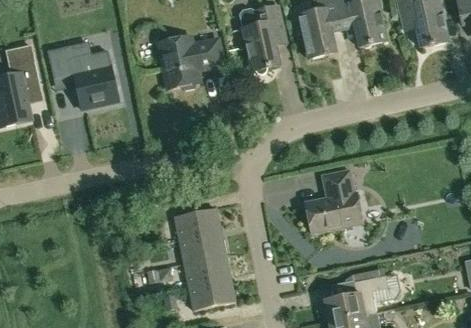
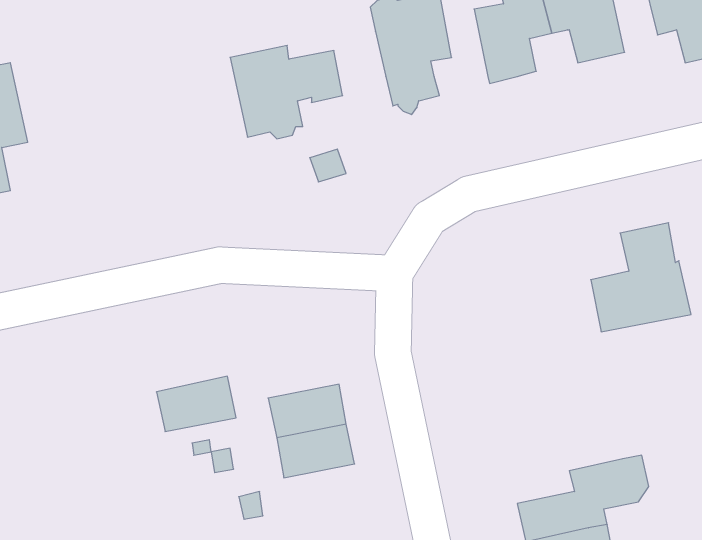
building: [47,45,118,107] -> none
building: [305,169,363,232] -> [591,223,691,332]
building: [175,207,221,239] -> [156,376,236,432]
building: [189,277,235,309] -> none

